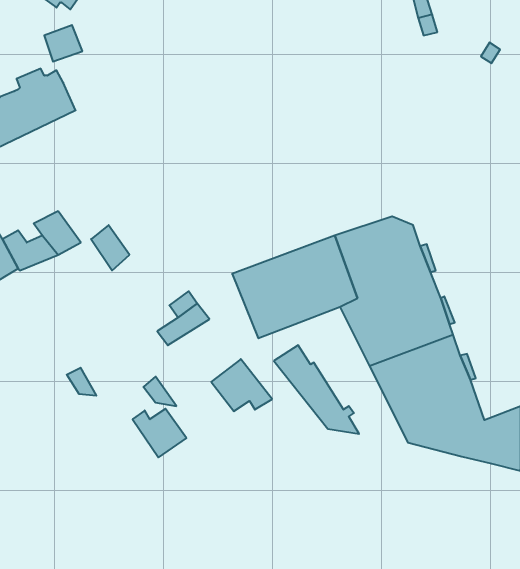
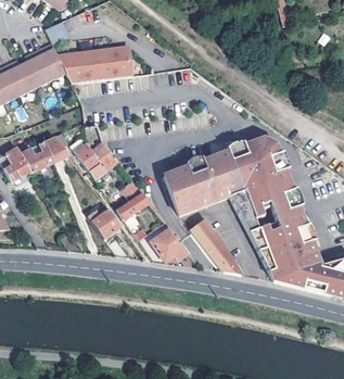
building: none -> [58,46,132,83]
building: none -> [84,136,116,185]
building: [133,409,186,457] -> [87,209,120,239]

